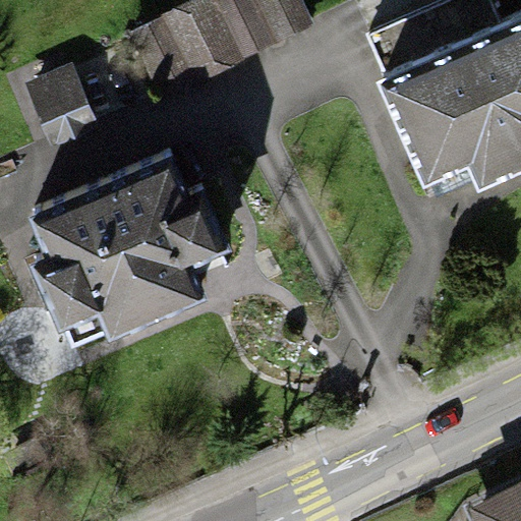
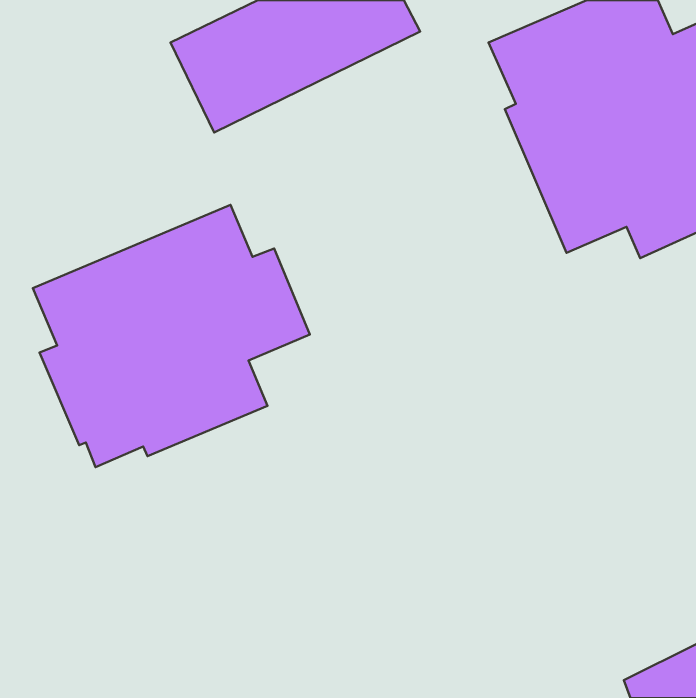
building: [24,62,100,141] -> none

